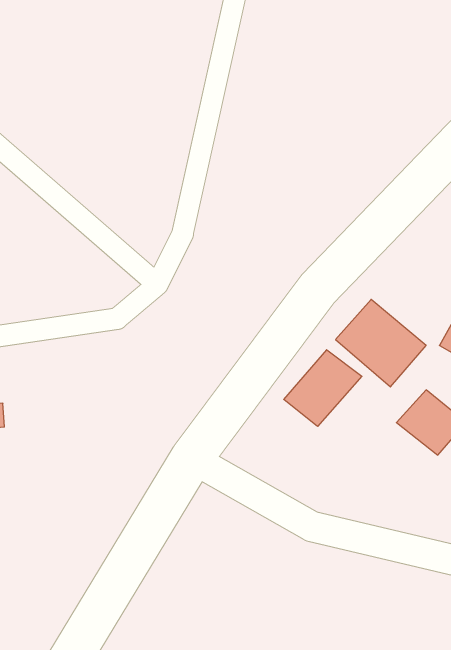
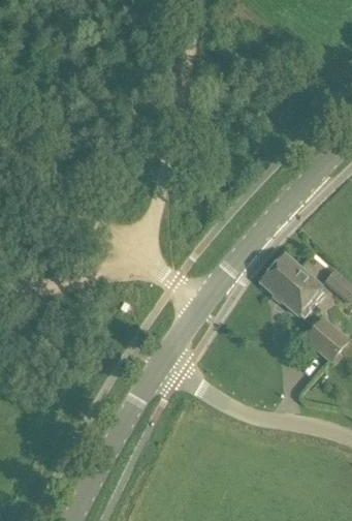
building: [284,350,362,426] -> none

